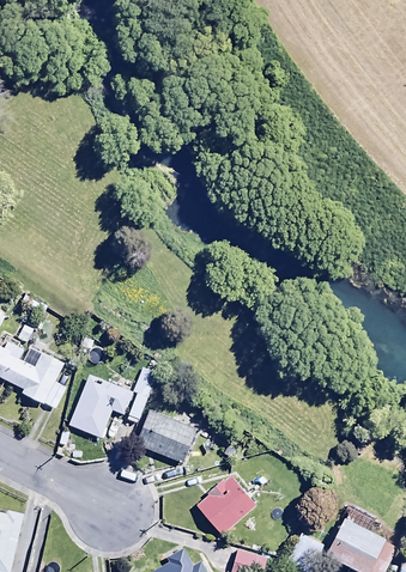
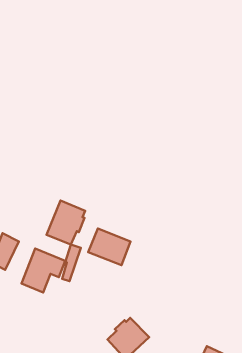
building: none -> [46,200,85,245]
building: [133,409,195,463] -> [88,229,130,265]

